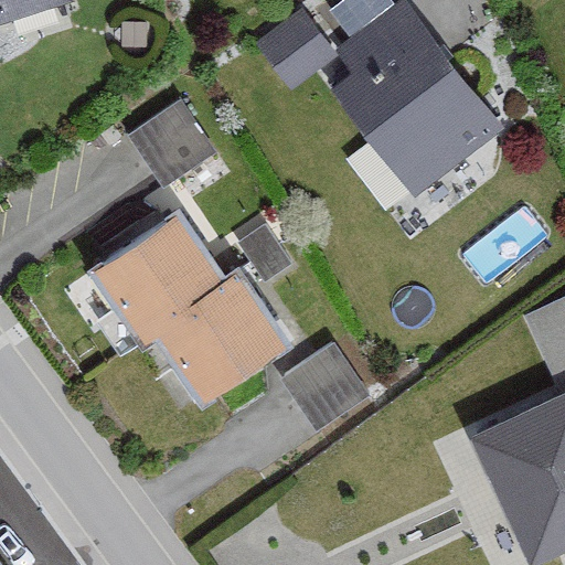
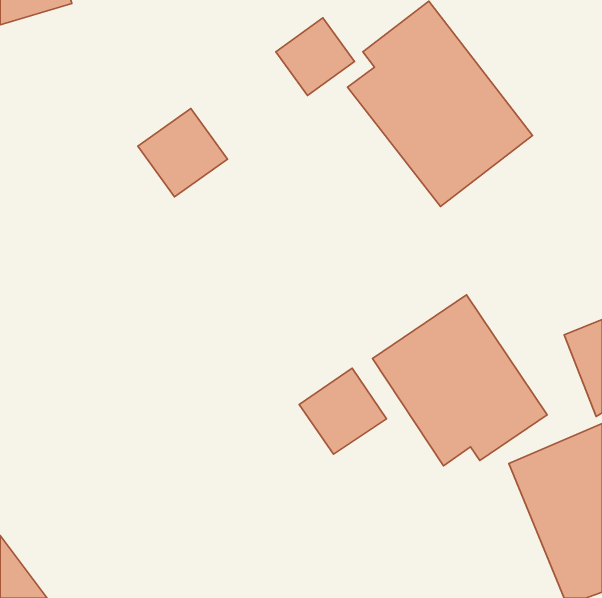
building: [98,216,291,398] -> none
building: none -> [372,295,547,466]

